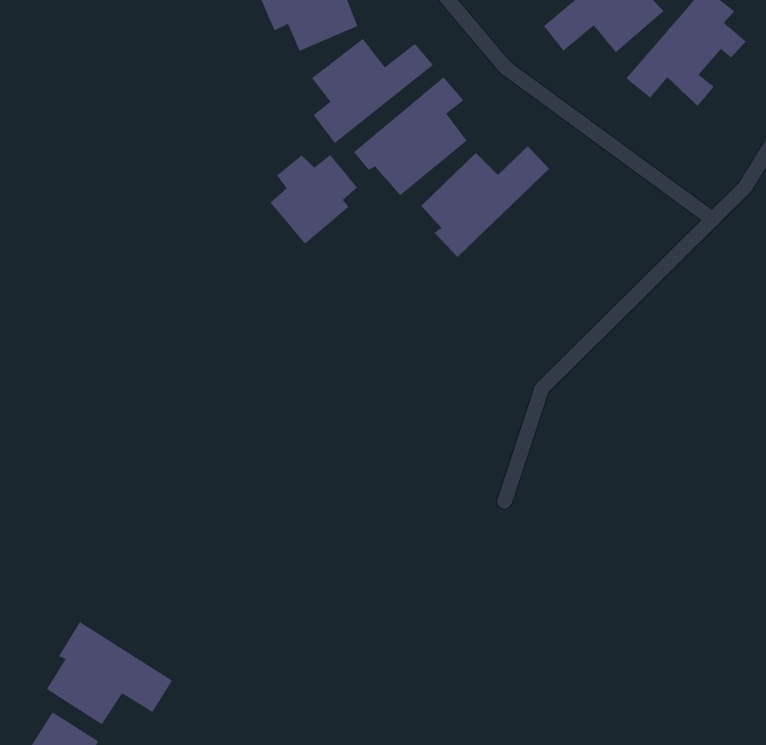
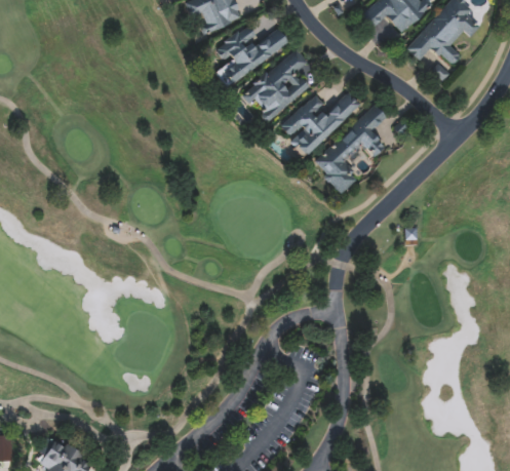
building: [270,154,358,244] -> none
building: none -> [313,104,387,193]
building: [46,621,173,725] -> none

